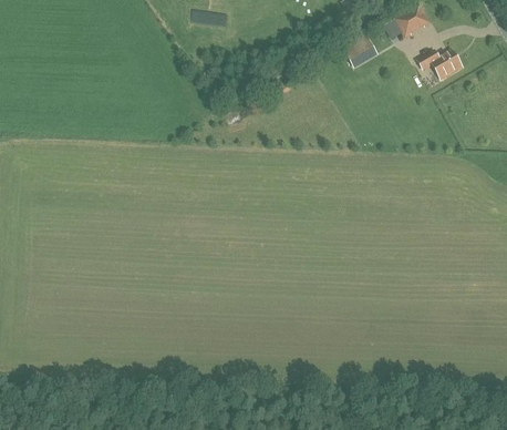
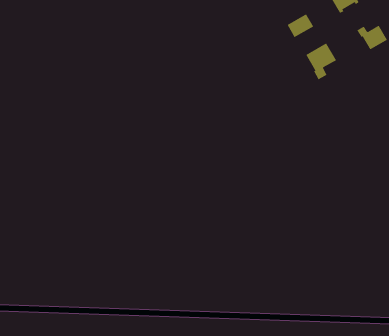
building: none -> [305,43,337,84]

